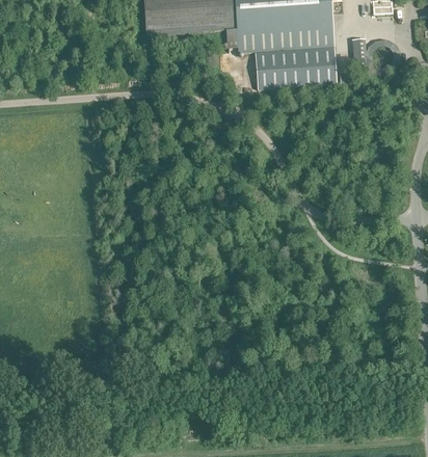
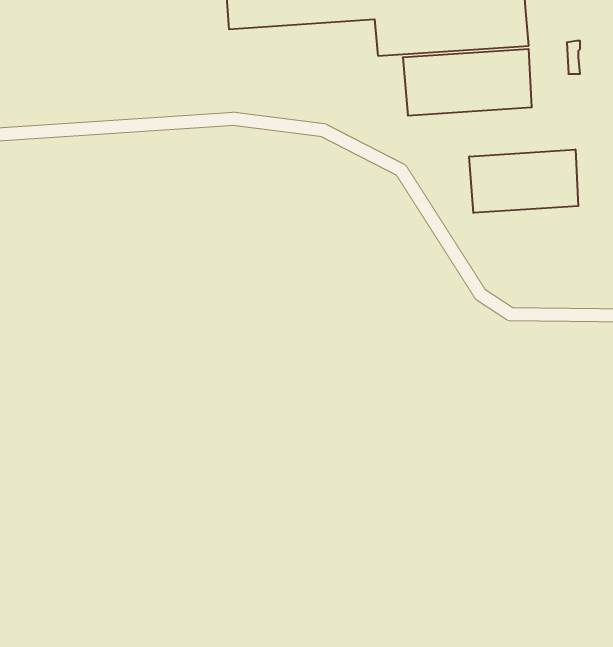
building: none -> [469,149,578,213]

